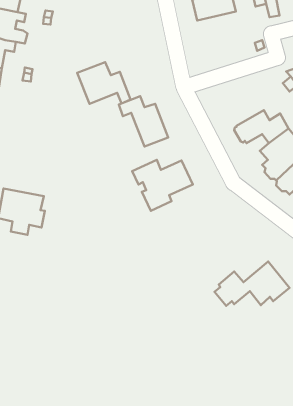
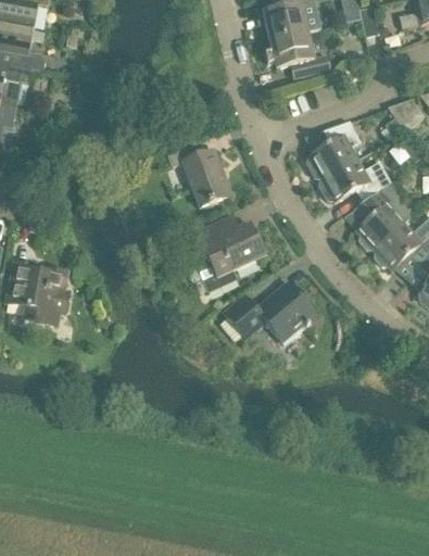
building: none -> [270,31,331,76]
building: [77,62,131,104] -> none
building: none -> [307,121,362,179]
building: [215,261,289,306] -> [219,281,318,340]

